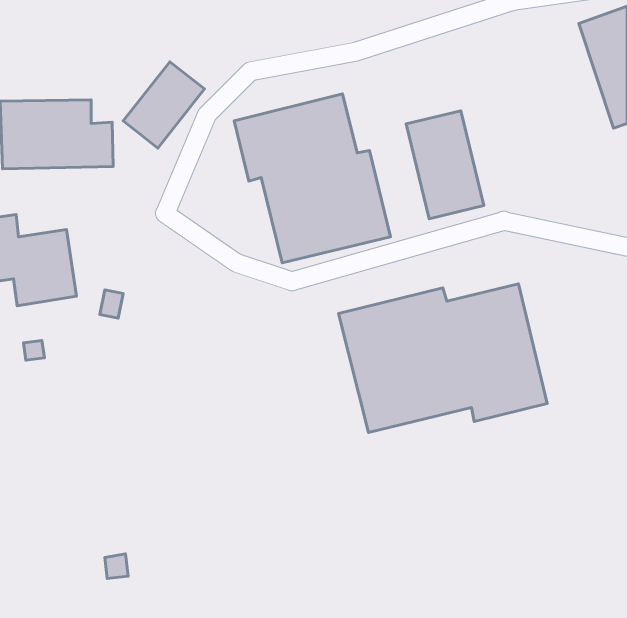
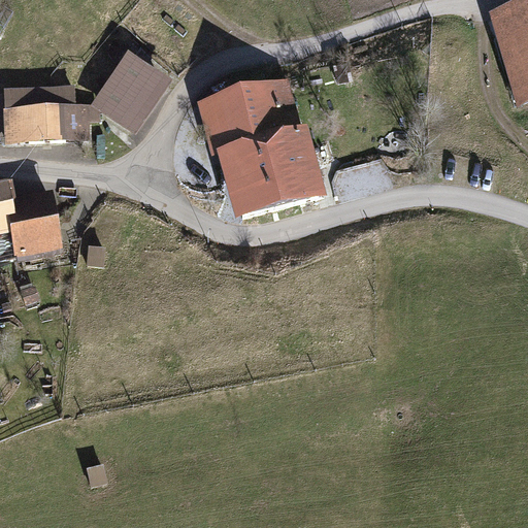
building: [406,111,484,219] -> none
building: [339,284,547,433] -> none

